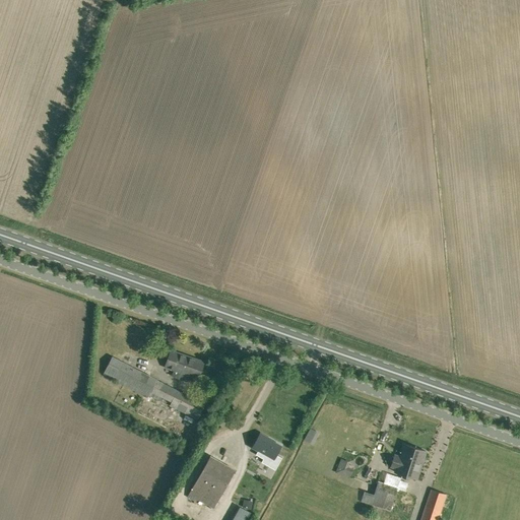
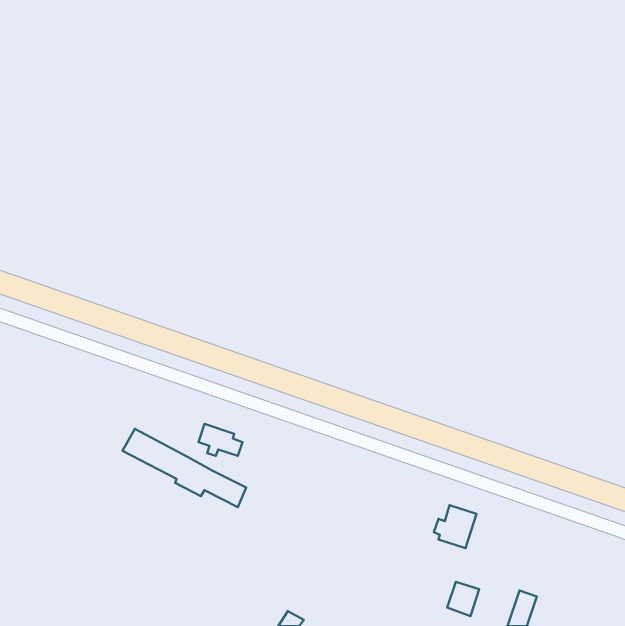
building: [252,434,280,460] -> none
building: [390,444,426,479] -> [434,505,477,548]
building: [188,456,235,508] -> none

